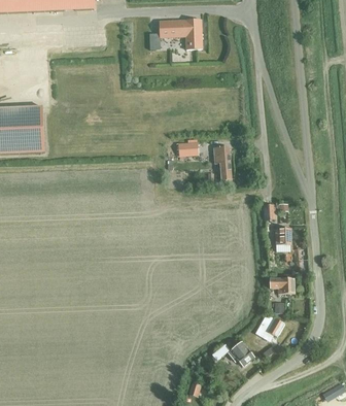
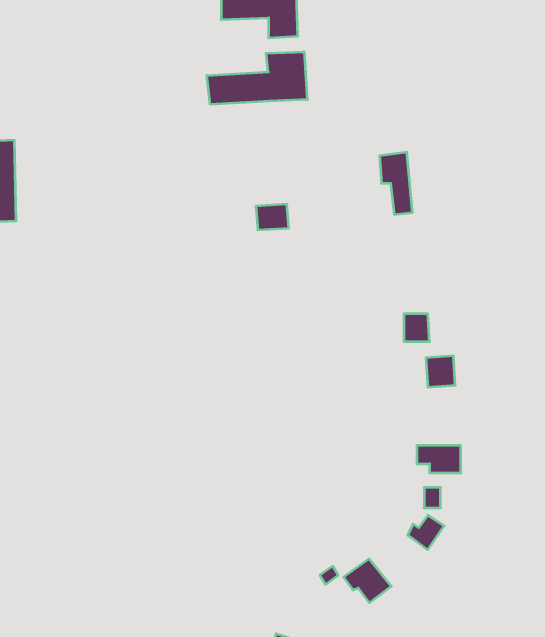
building: none -> [207,52,307,104]
building: [213,145,232,180] -> [380,152,412,214]

